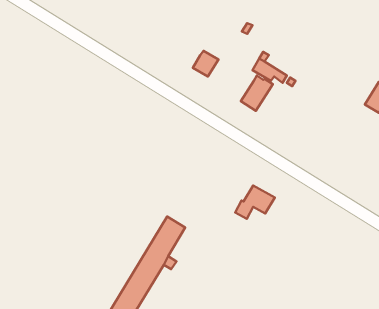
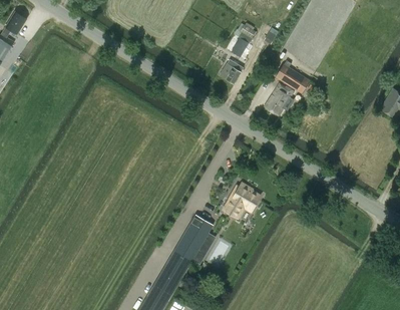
building: none -> [231,23,255,57]
building: [235,186,275,219] -> [223,185,260,216]

